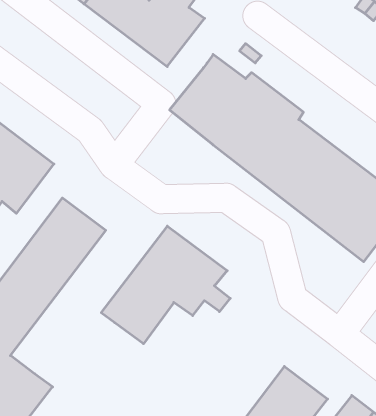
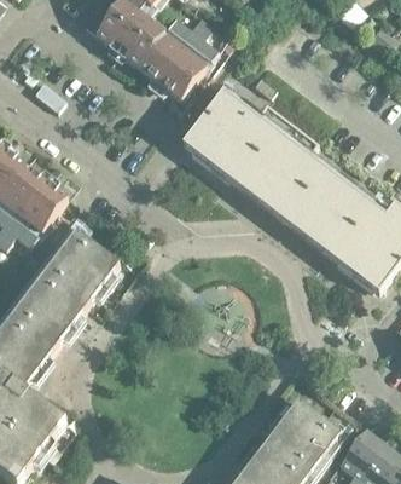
building: [101,226,230,344] -> none

